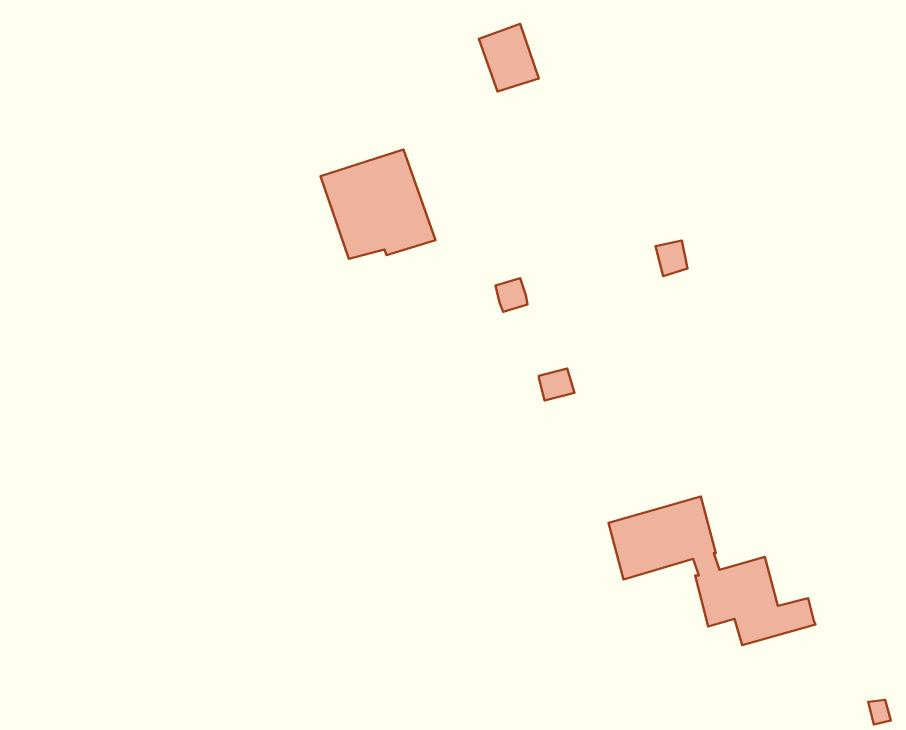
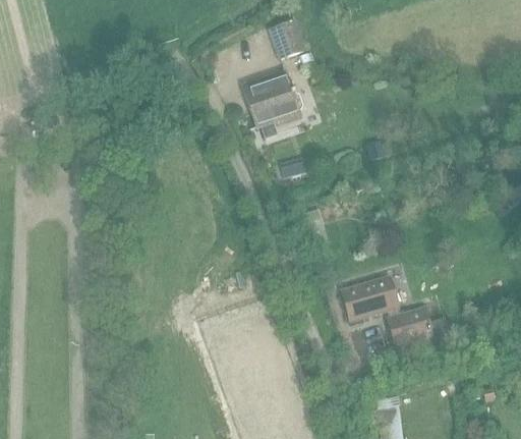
building: [321,150,435,259] -> [241,68,303,127]

